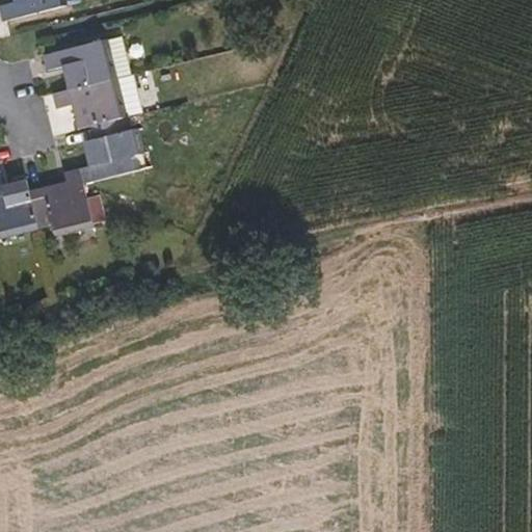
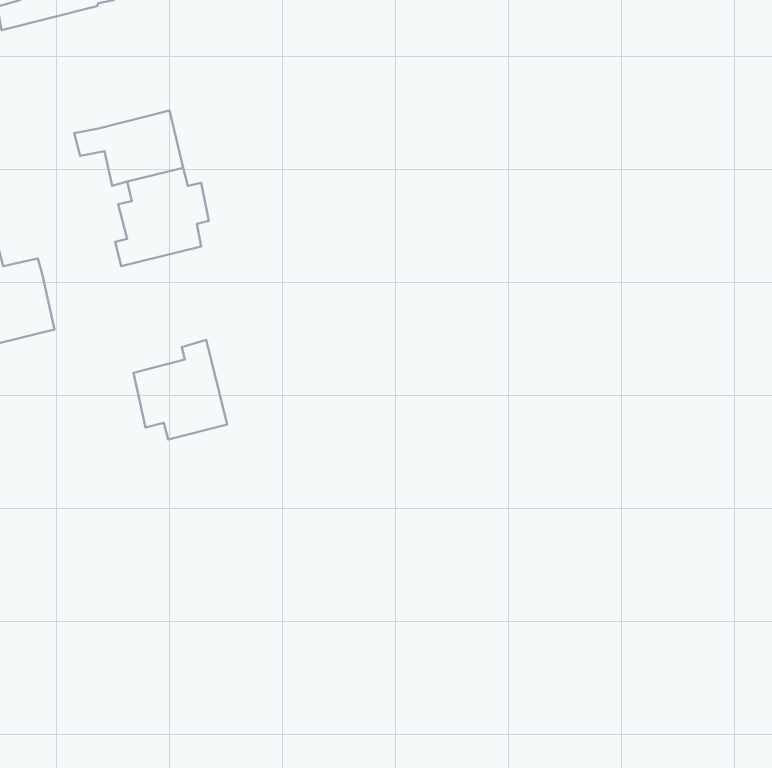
building: [42,37,116,88] -> none
building: [29,166,94,235] -> [133,340,227,440]

